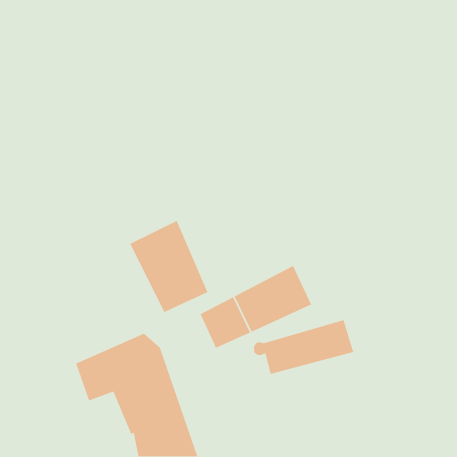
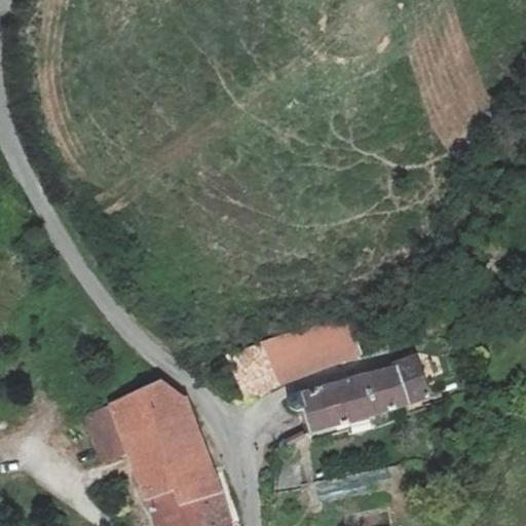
building: [129,220,209,313] -> none
building: none -> [393,355,430,405]

